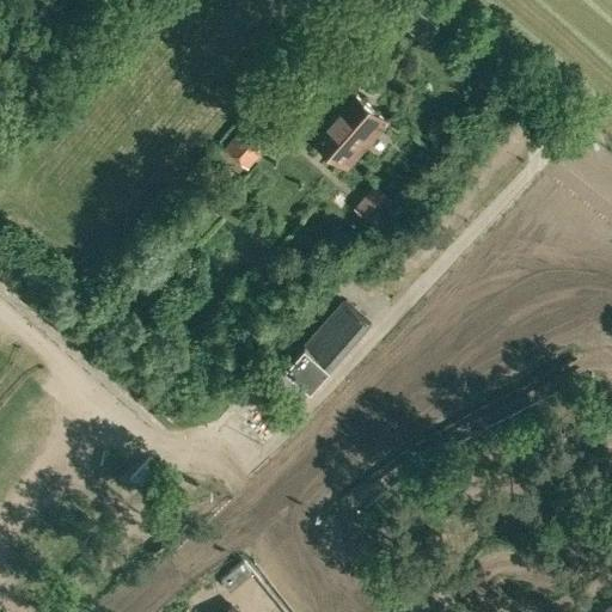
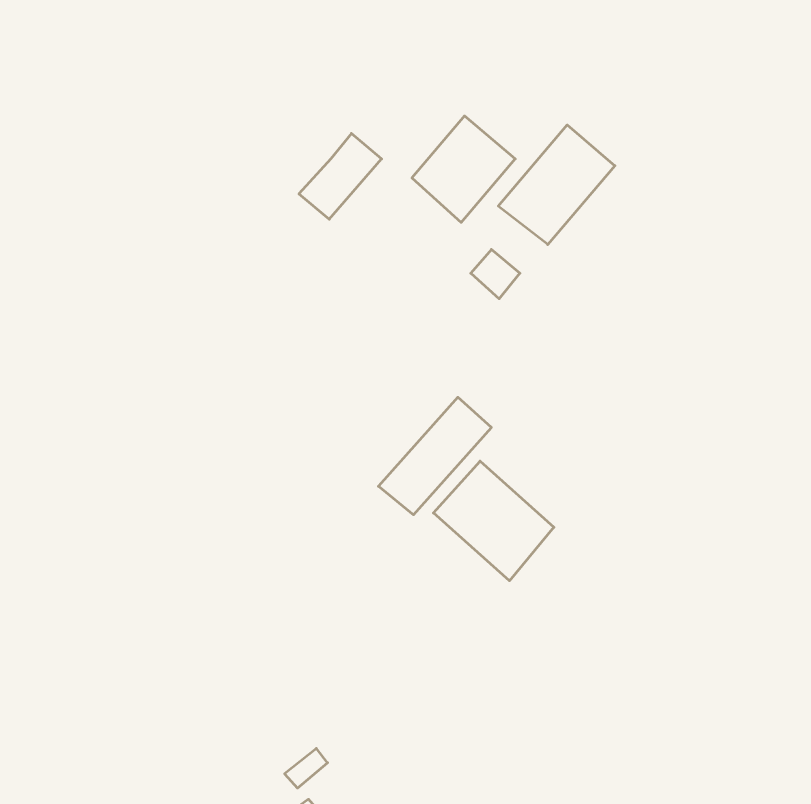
building: none -> [498,125,615,245]
building: none -> [433,461,554,581]

